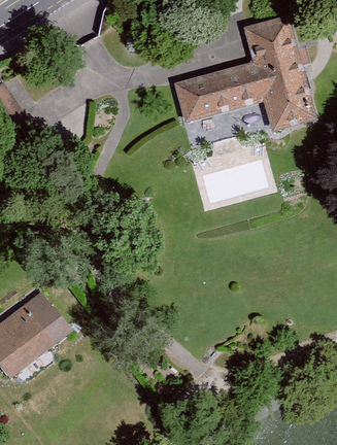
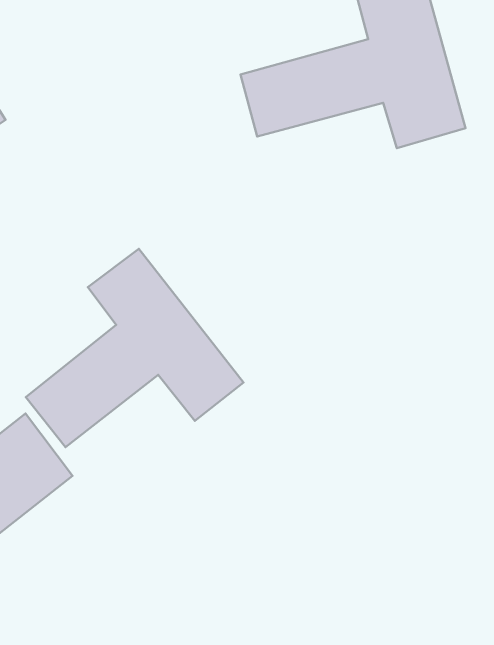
building: none -> [26,249,244,447]

